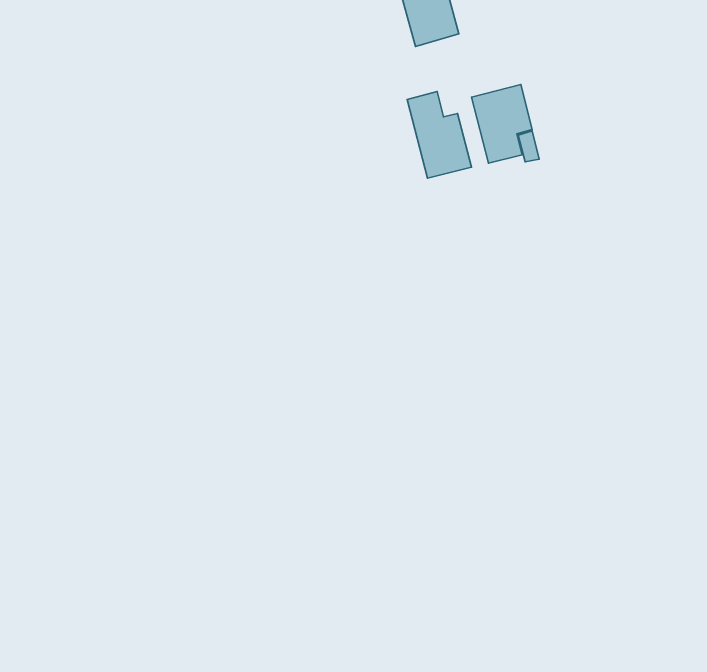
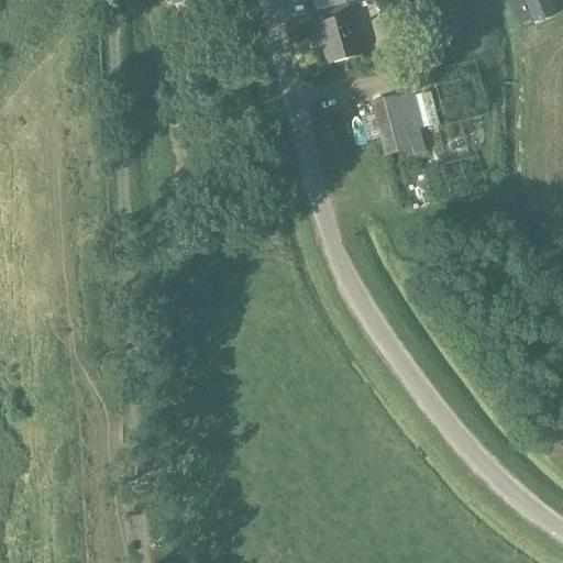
building: [407,91,471,178] -> none

